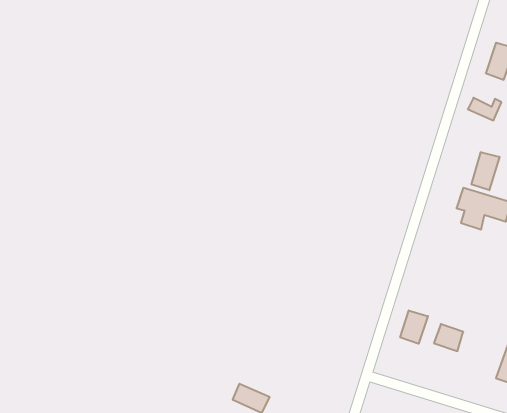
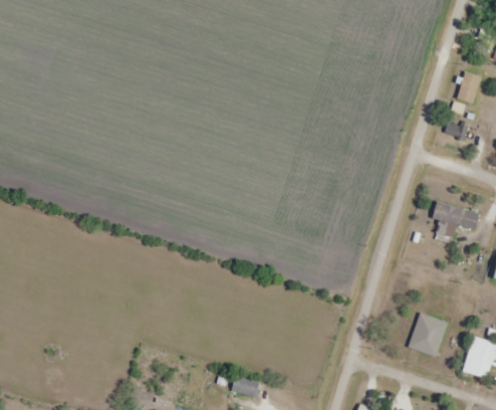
building: [472,152,499,190] -> none
building: [400,310,428,344] -> none

